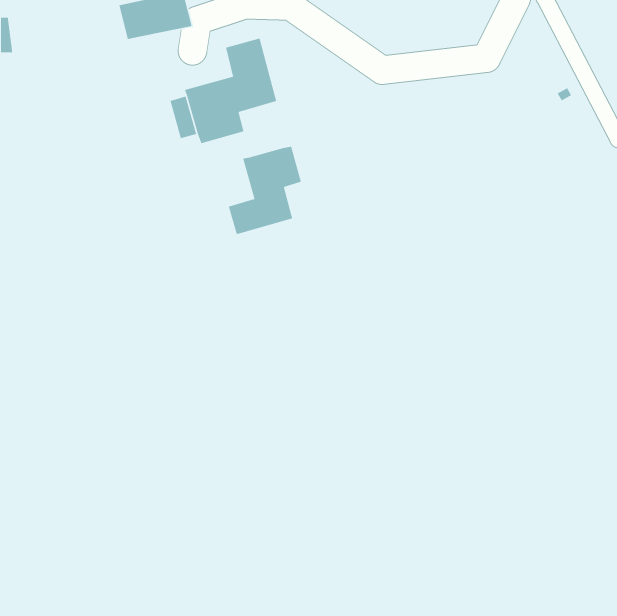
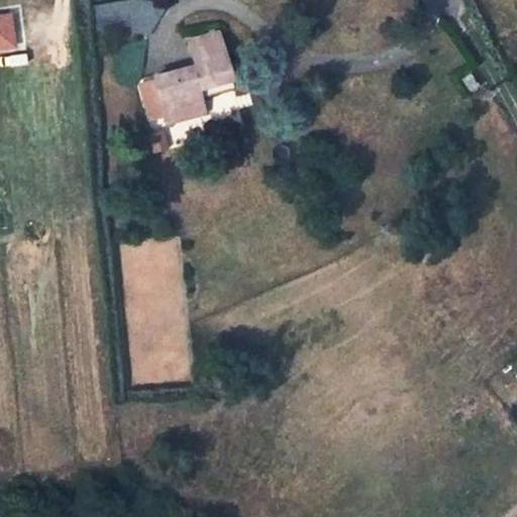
building: [228,146,302,235] -> none

